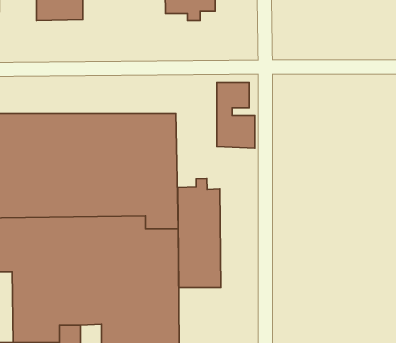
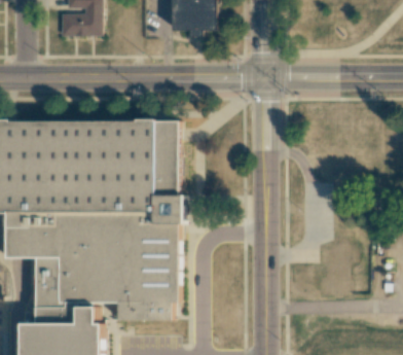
building: [217,83,255,148] -> none
building: [178,179,221,288] -> none

